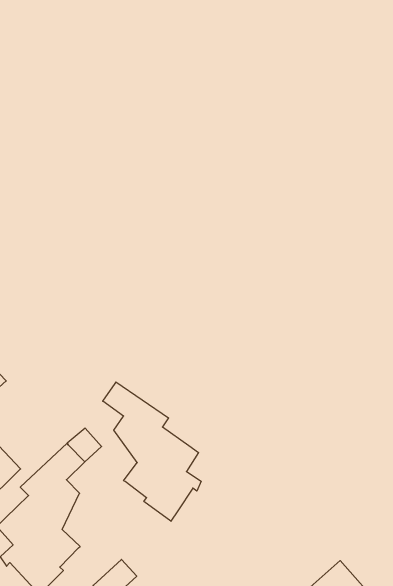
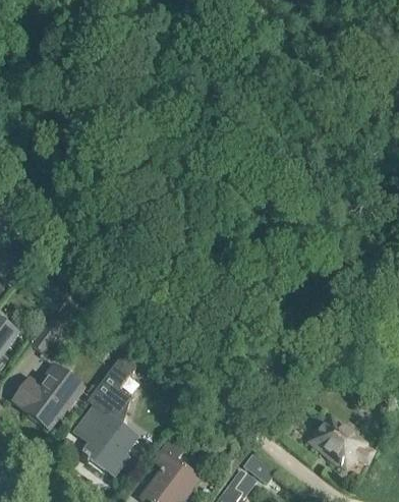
building: [103,382,201,521] -> none

